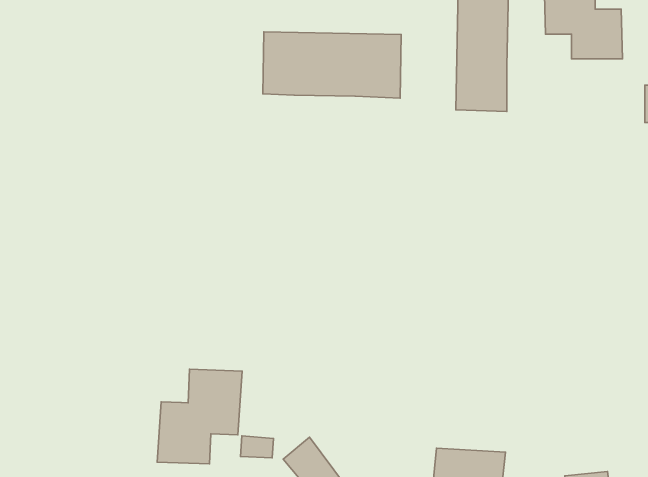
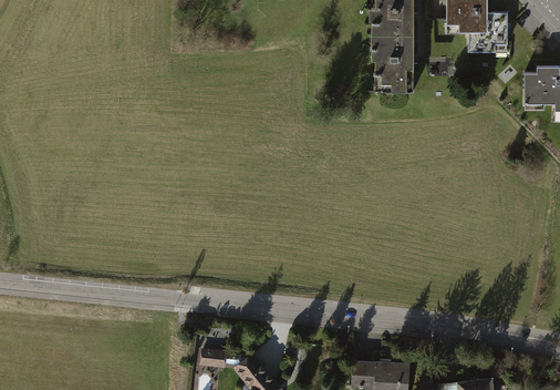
building: [263,32,401,98] -> none
building: [157,369,242,464] -> none

